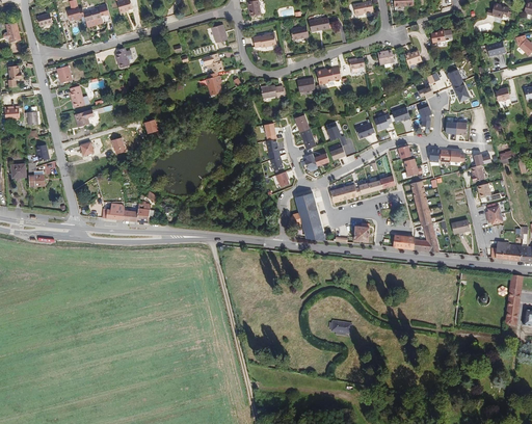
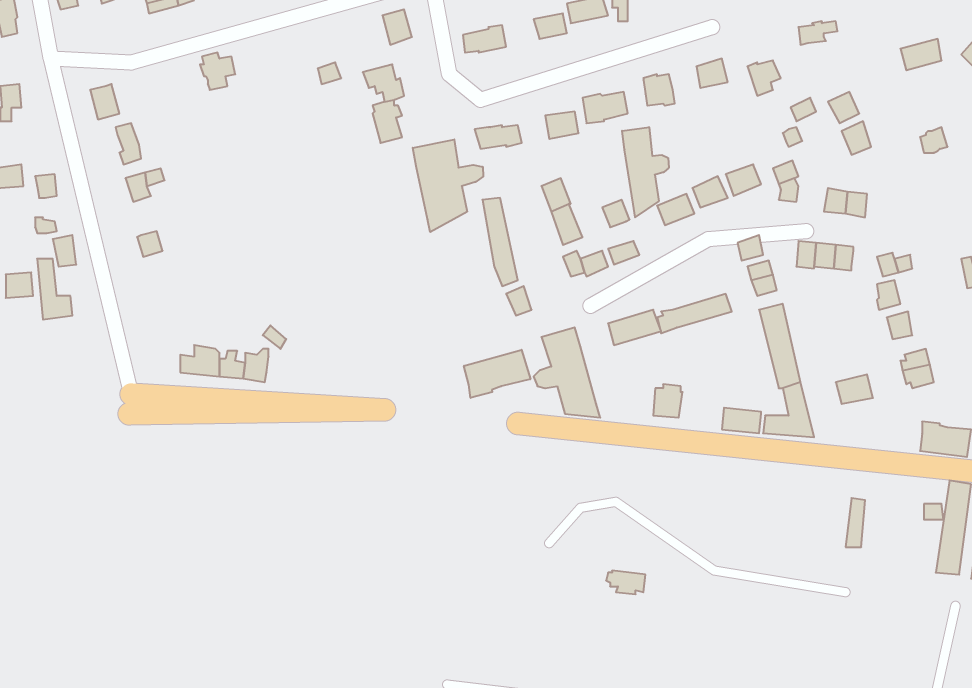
building: none -> [622,127,669,217]
building: none -> [413,139,483,232]
building: none -> [464,350,530,398]

